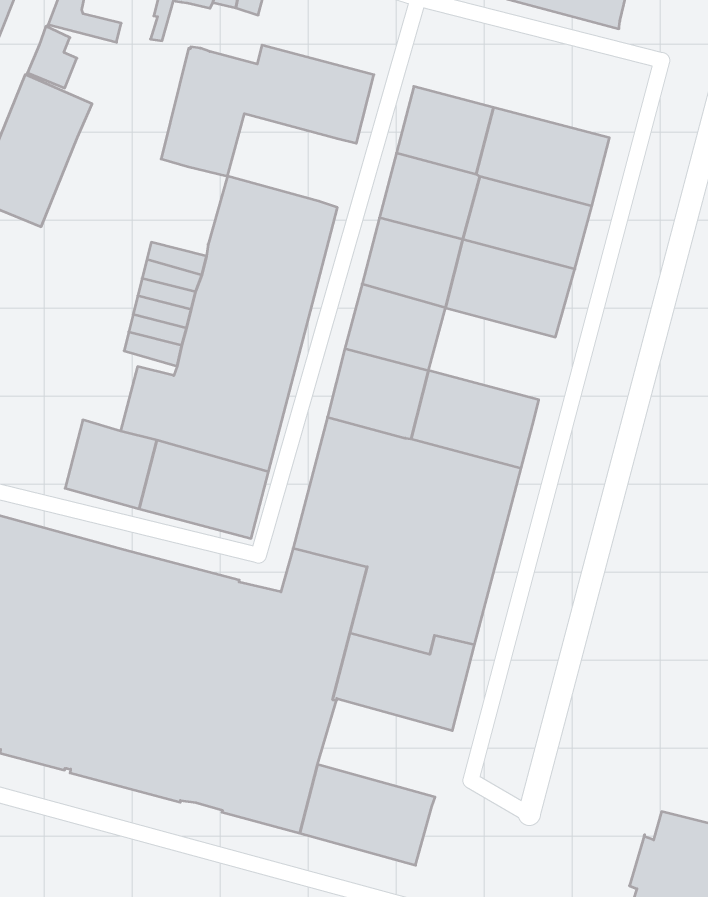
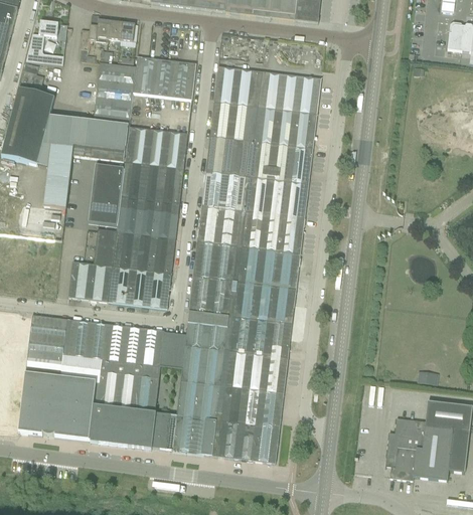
building: none -> [38,116,130,207]
building: none -> [247,176,309,216]
building: none -> [218,383,285,426]

